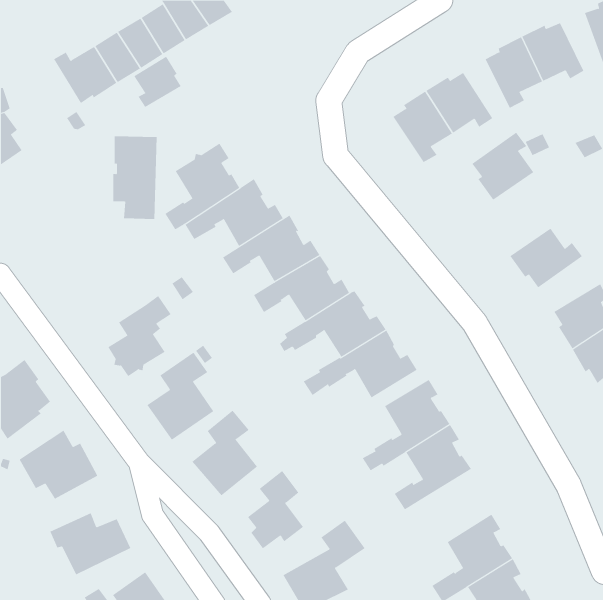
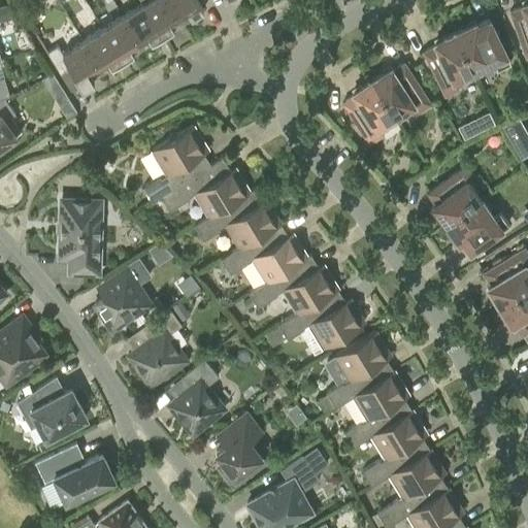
building: [134,56,181,108] -> none
building: [472,132,534,201] -> [427,167,482,227]
building: [113,136,158,220] -> [61,201,100,274]
building: none -> [363,412,430,488]

